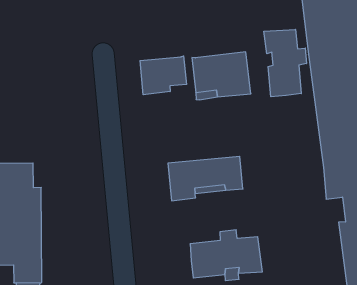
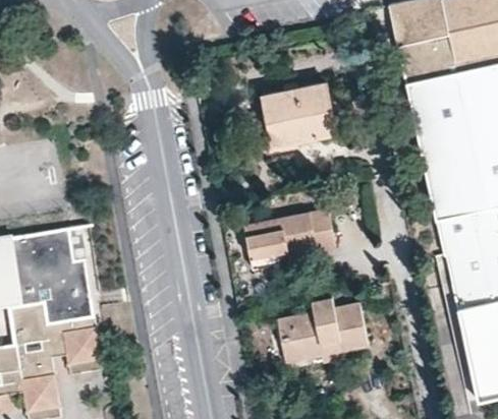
building: [264,29,306,97] -> none
building: [140,56,187,95] -> none

